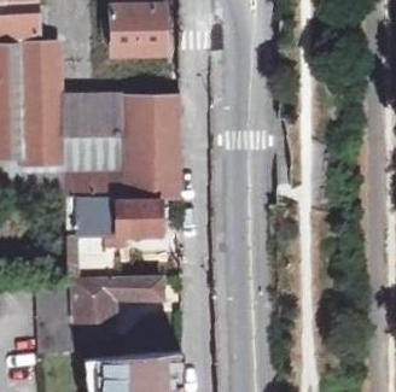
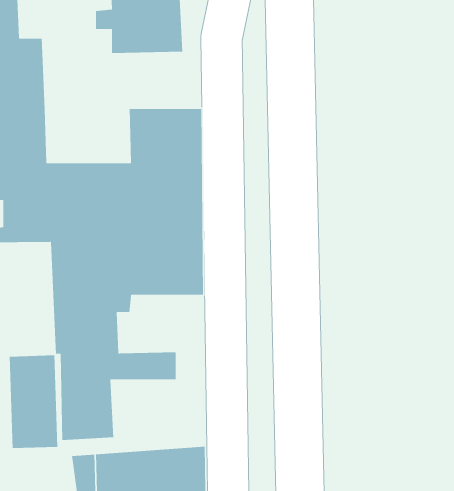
building: [63,94,127,135] -> none

